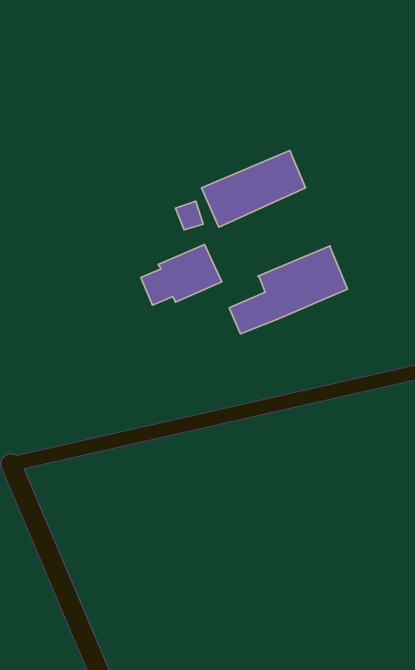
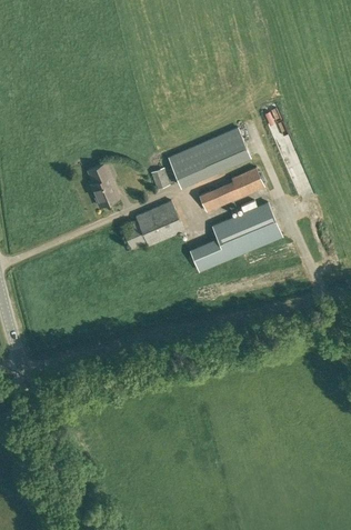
building: none -> [88,164,120,207]
building: none -> [199,167,264,212]

